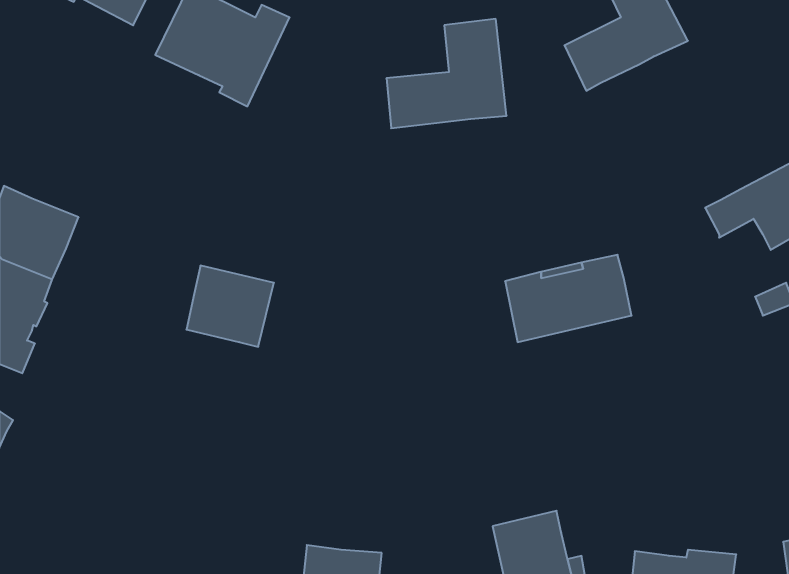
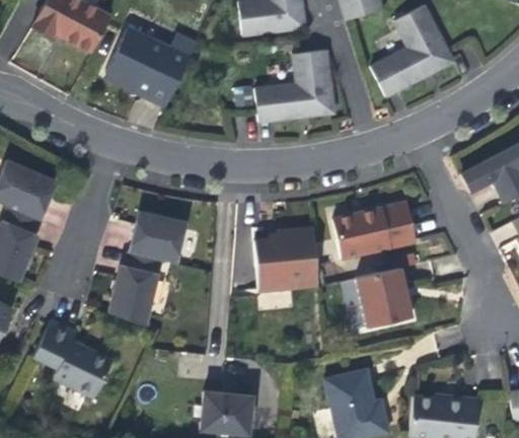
building: none -> [253,230,318,291]
building: none -> [105,251,160,326]
building: none -> [357,267,413,325]
building: none -> [33,321,113,397]

